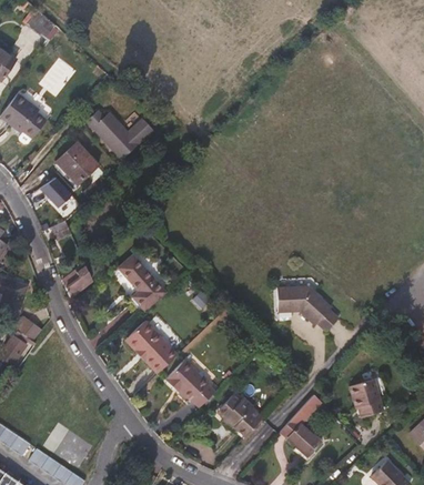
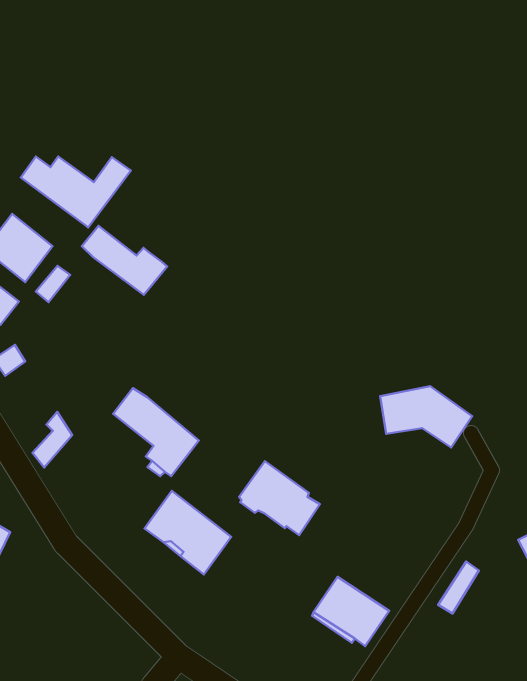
building: none -> [82,226,167,295]
building: [166,362,214,410] -> [239,461,320,535]
building: [281,417,321,456] -> none

